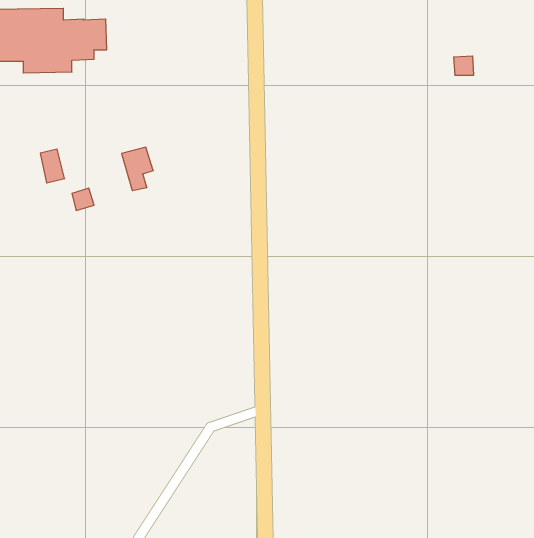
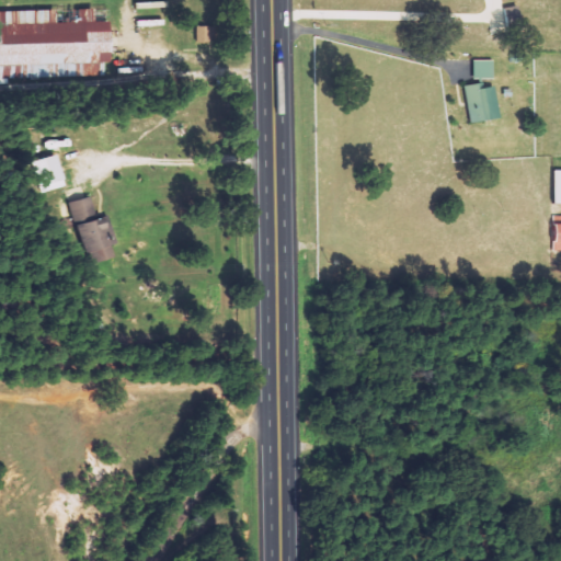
building: none -> [461,81,497,122]
building: [122,147,153,191] -> [82,217,115,262]

